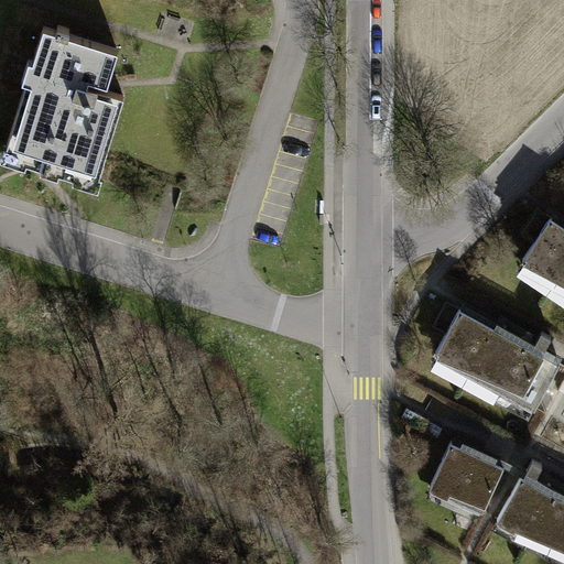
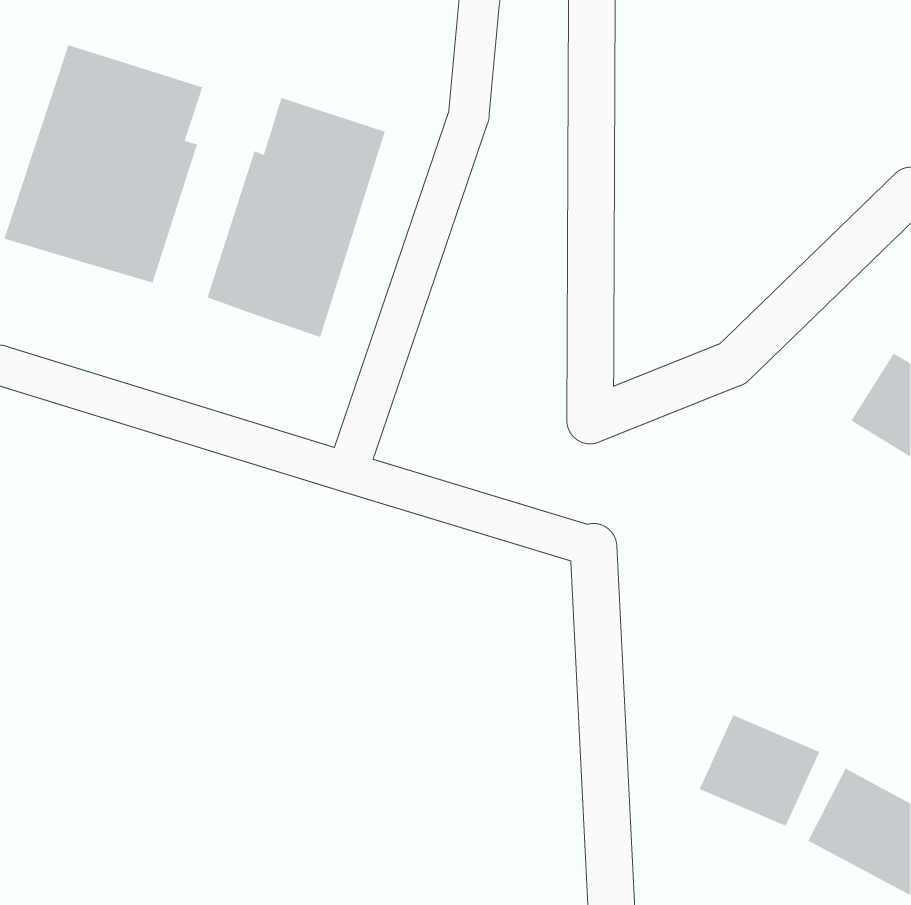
building: none -> [207,97,385,338]
building: [440,313,546,401] -> none

